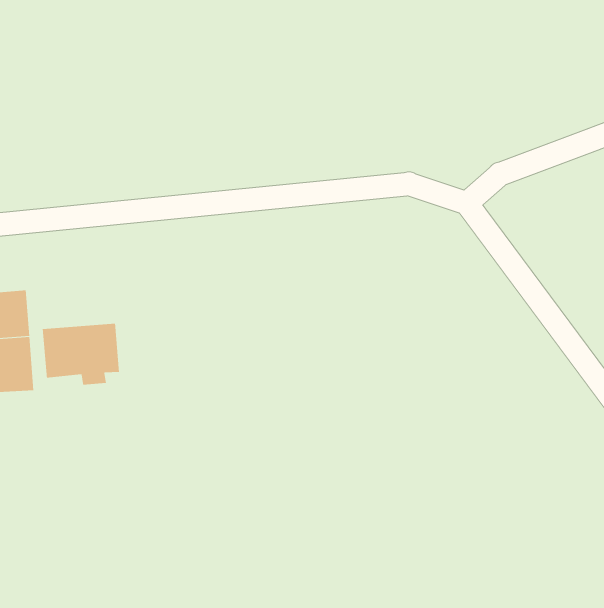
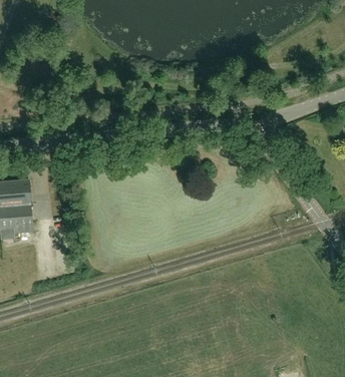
building: [42,323,120,385] -> none

